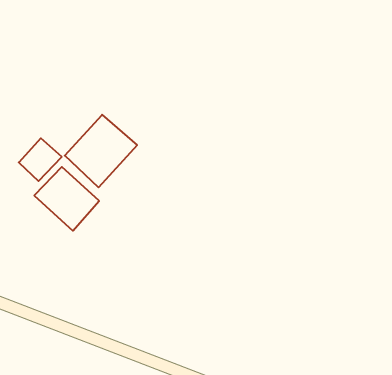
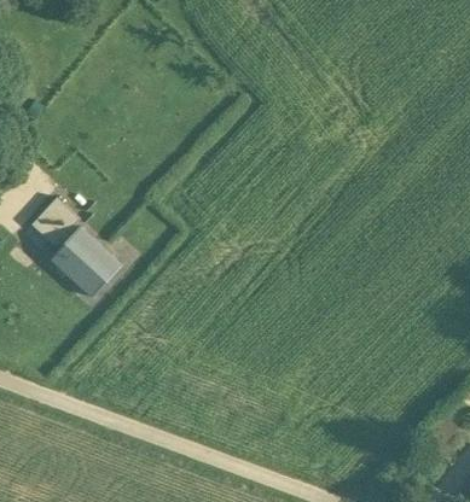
building: [65,115,137,187] -> none

